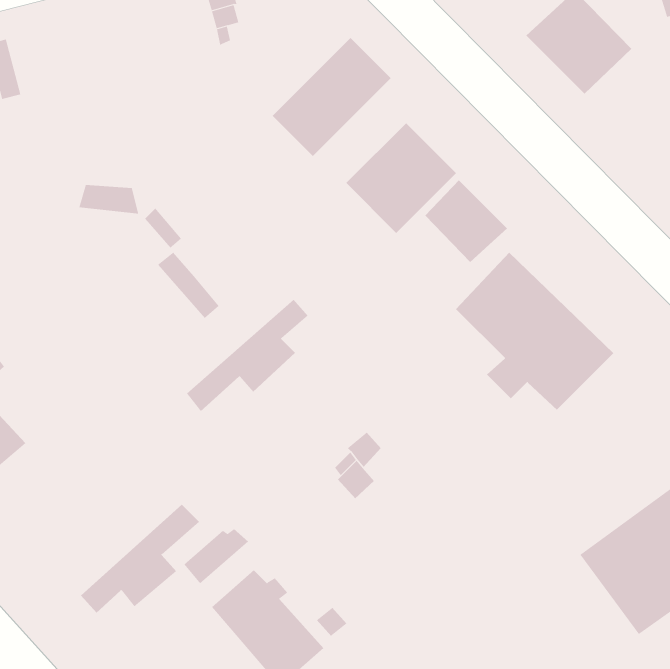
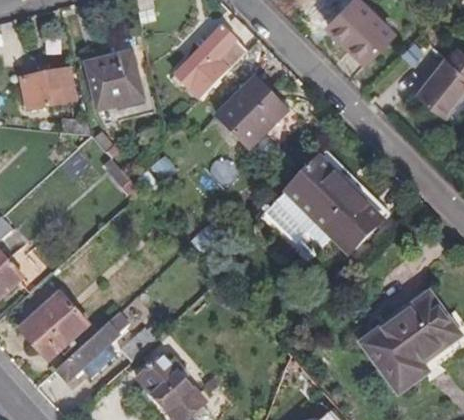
building: none -> [85,53,145,110]
building: none -> [21,69,73,107]
building: [424,179,508,263] -> [264,193,315,244]
building: [186,299,309,412] -> none
building: none -> [18,290,88,358]

